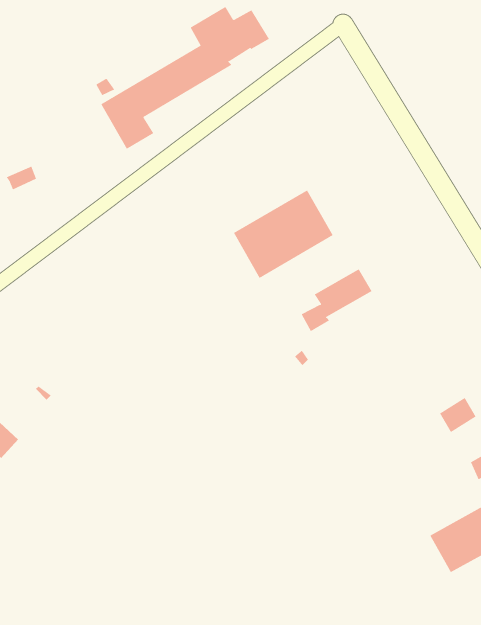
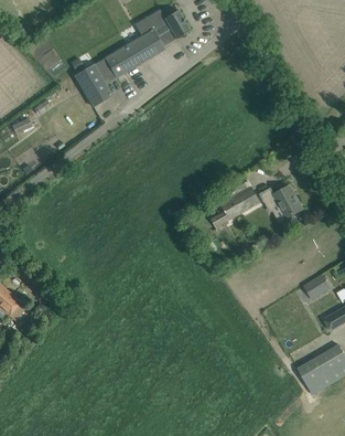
building: [233,189,334,279] -> none
building: none -> [265,185,303,217]

